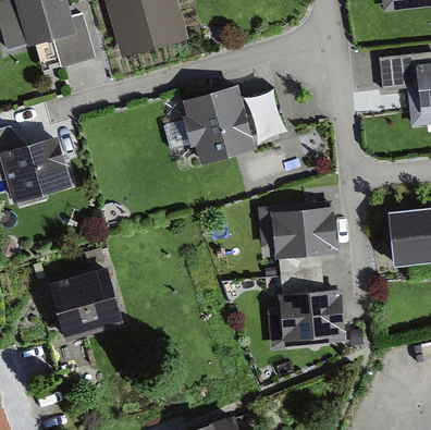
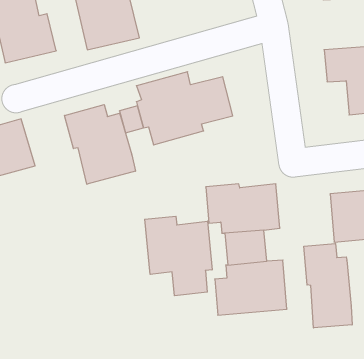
building: none -> [65,105,135,184]
building: none -> [145,216,212,296]
building: none -> [304,243,352,328]
building: [58,270,125,339] -> none

